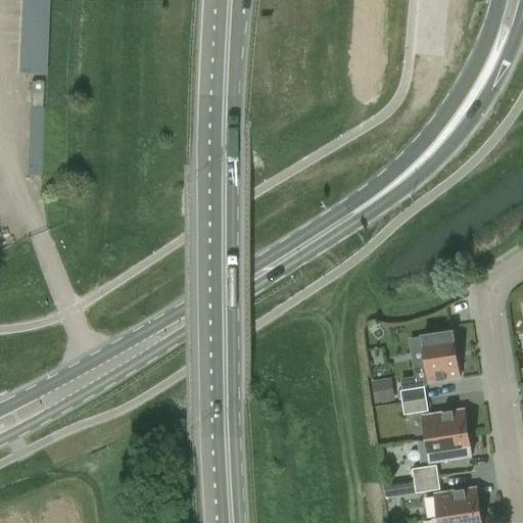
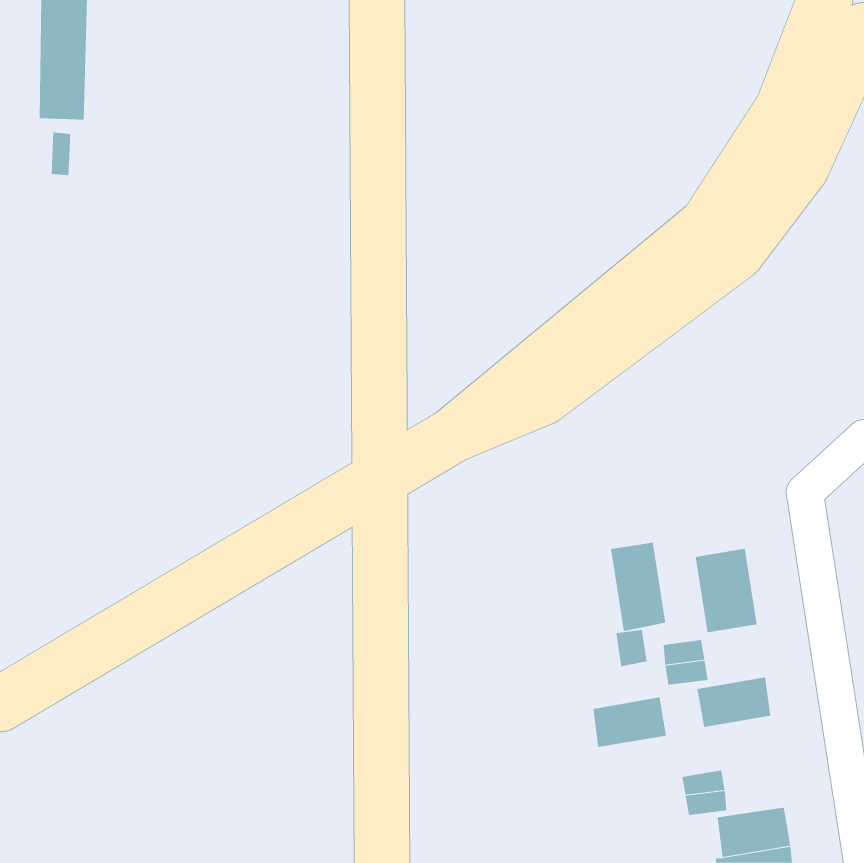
building: none -> [610,542,666,632]
building: [425,432,470,463] -> [592,697,667,748]

